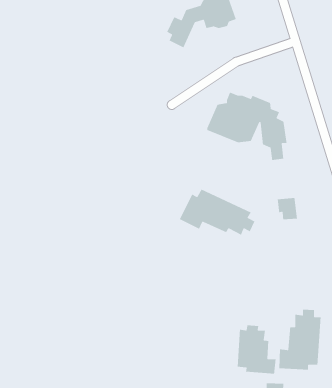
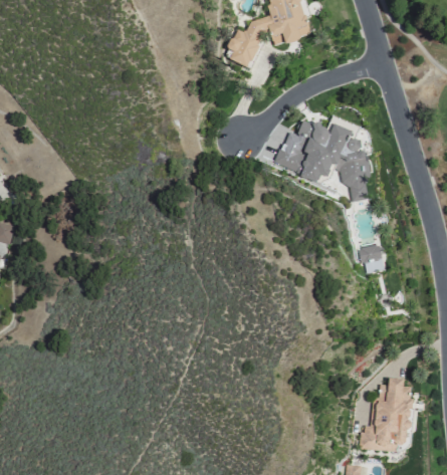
building: [179,188,255,236] -> none
building: [237,325,277,374] -> none

